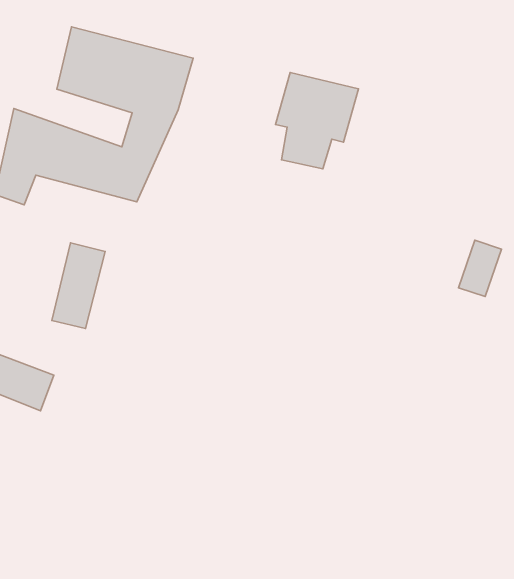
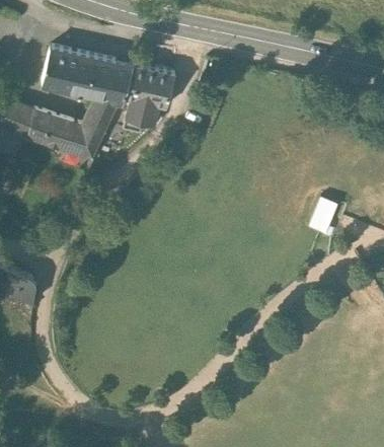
building: [275,72,358,169] -> [123,64,179,130]
building: [52,243,105,328] -> none

